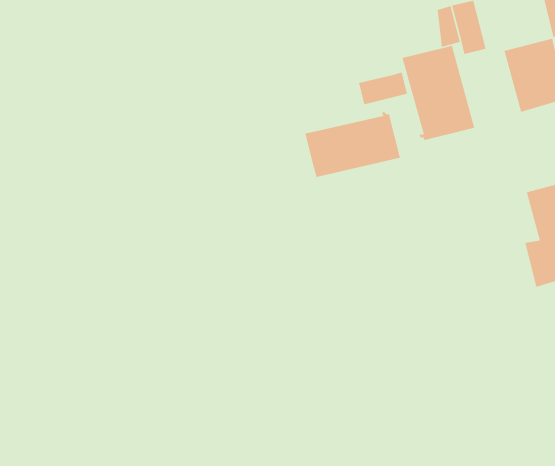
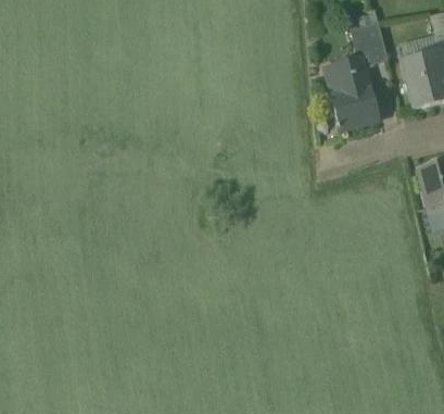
building: [358,72,408,105] -> none
building: [305,111,401,178] -> none

